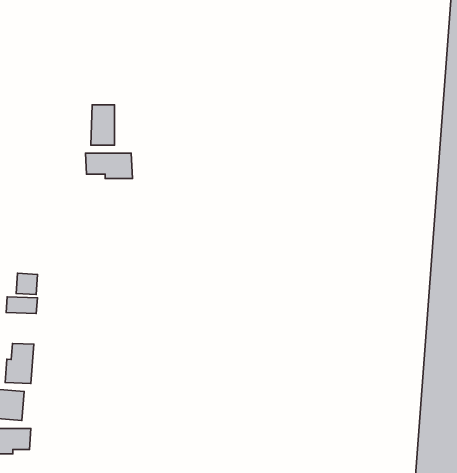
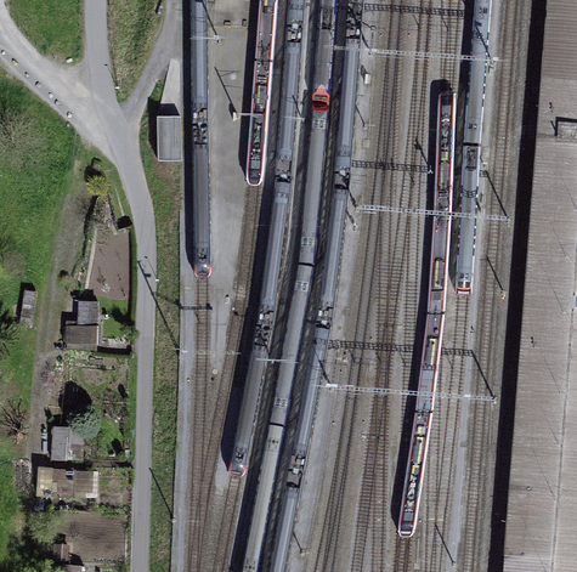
building: [85,153,133,178] -> none
building: [5,343,34,384] -> none

